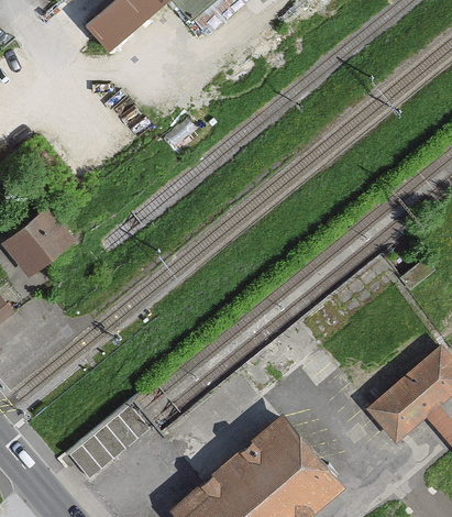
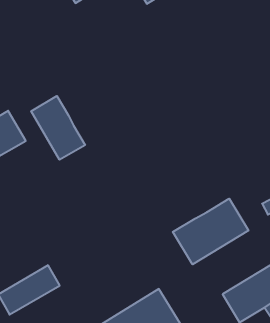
building: none -> [31,96,85,160]
building: none -> [173,199,248,264]

